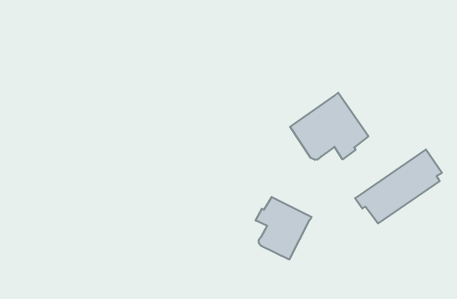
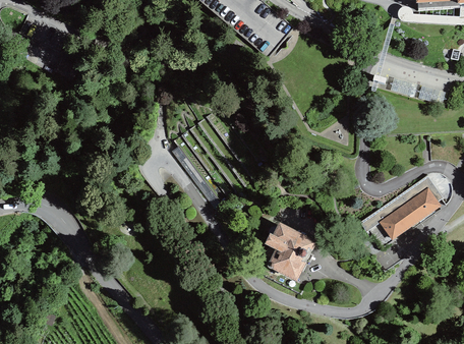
building: [290,93,368,160] -> none

